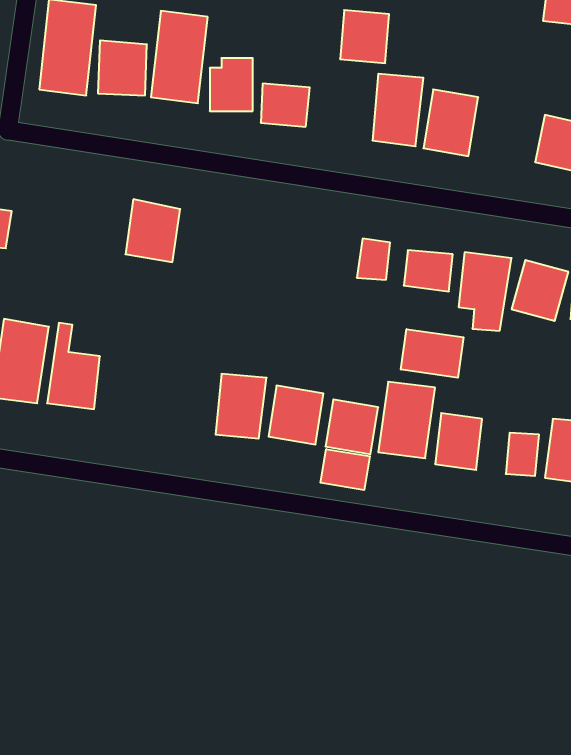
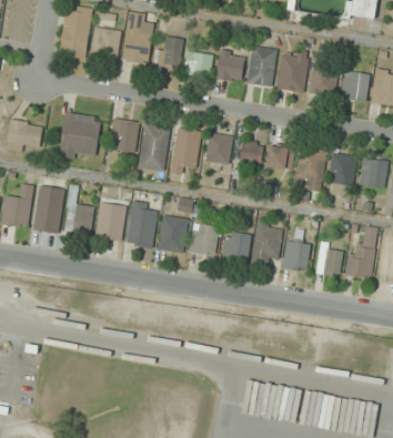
building: [340,10,389,63] -> [216,51,244,81]
building: none -> [310,65,336,95]
building: none -> [58,112,100,160]
building: none -> [137,124,170,175]
building: none -> [171,128,201,175]
building: none -> [203,132,232,165]
building: [401,329,464,378] -> none
building: none -> [93,201,127,243]
building: none -> [125,201,158,247]
building: [320,449,370,490] -> none

